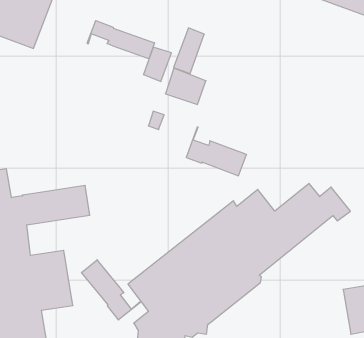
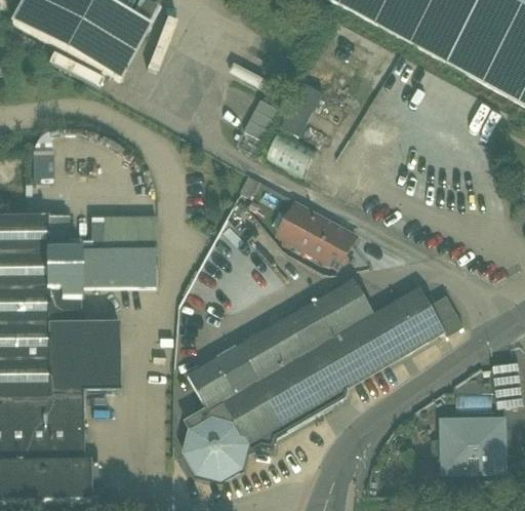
building: [87,21,154,59] -> none
building: none -> [290,200,354,240]
building: none -> [100,217,155,249]
building: [82,260,141,320] -> none

